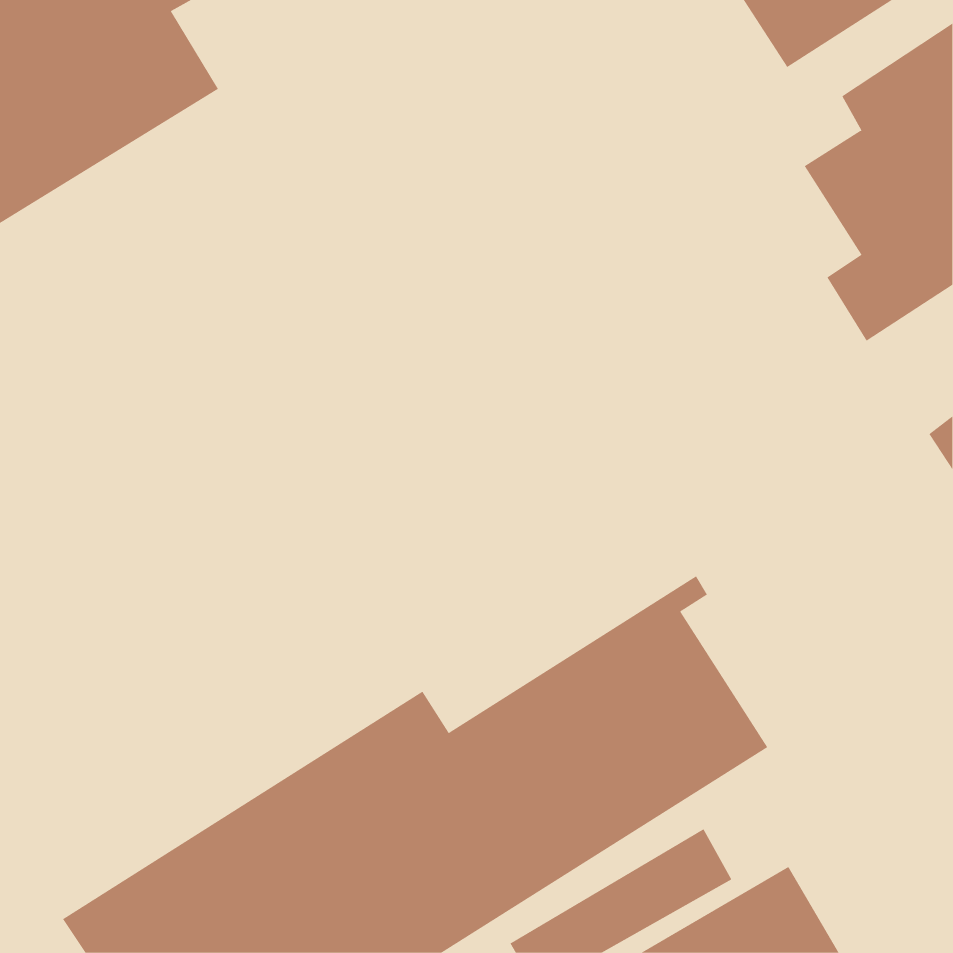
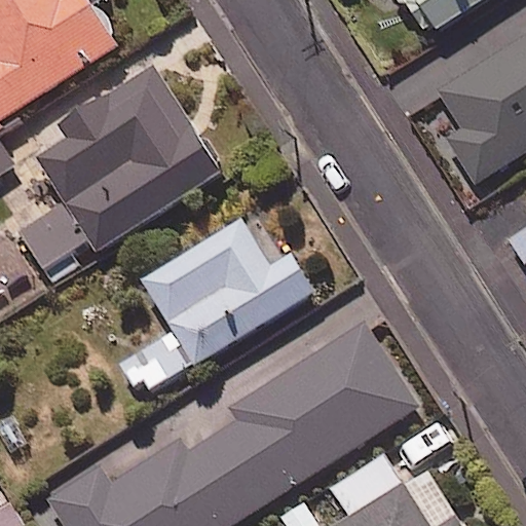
building: none -> [20,68,223,271]
building: none -> [118,220,314,391]

